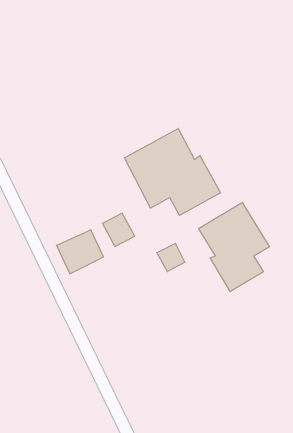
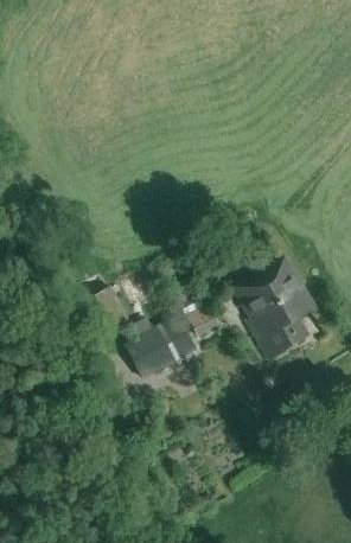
building: [124,128,220,215] -> none
building: none -> [123,314,198,379]

